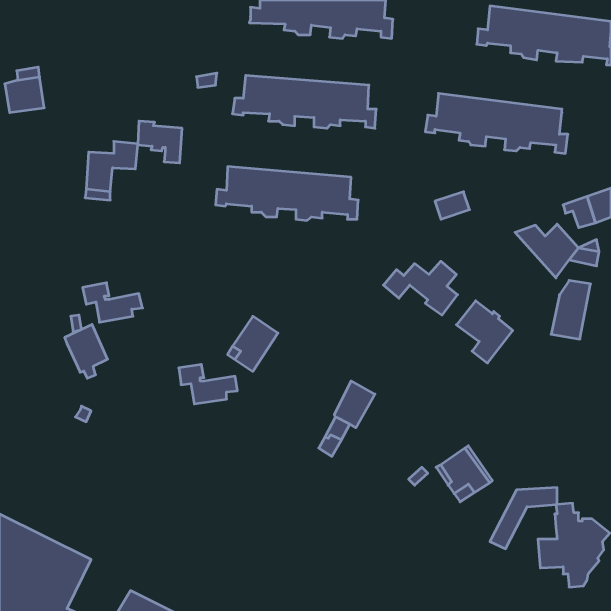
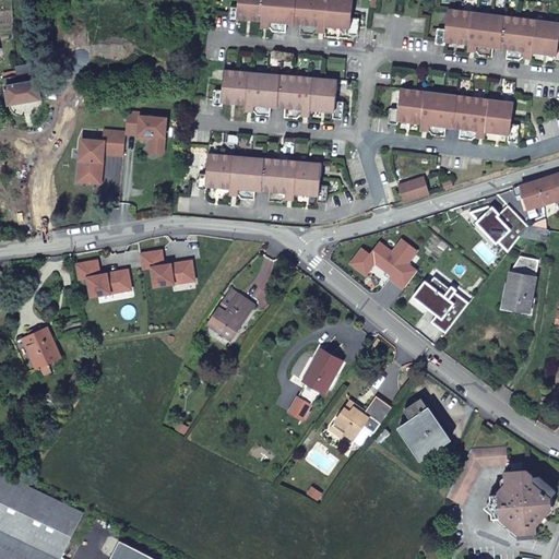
building: [65,324,108,378] -> [22,325,61,374]
building: [179,364,237,404] -> [140,249,193,285]
building: none -> [332,395,392,438]

